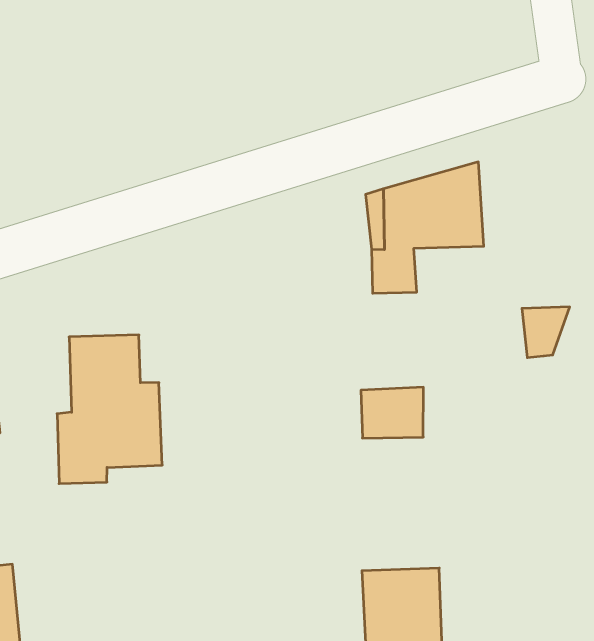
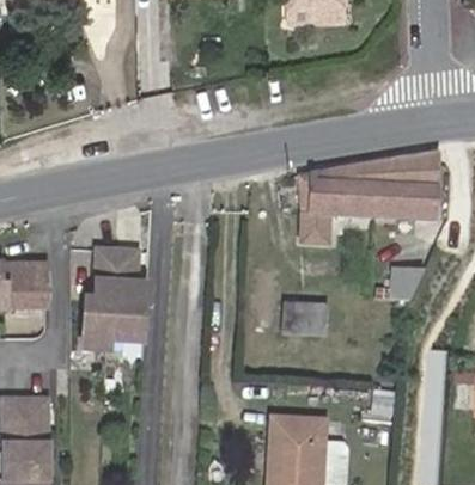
building: none -> [373,154,438,222]

